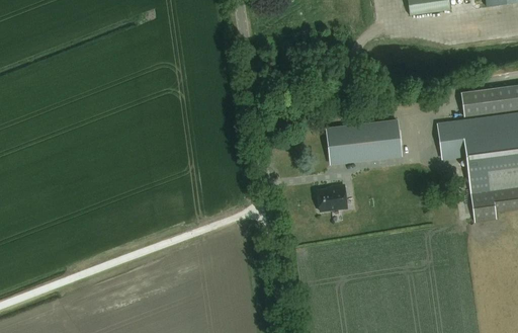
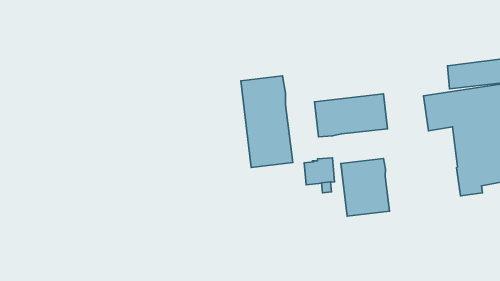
building: none -> [241,76,293,167]
building: none -> [341,159,390,216]

